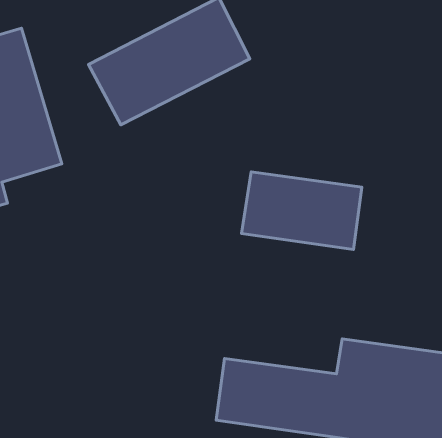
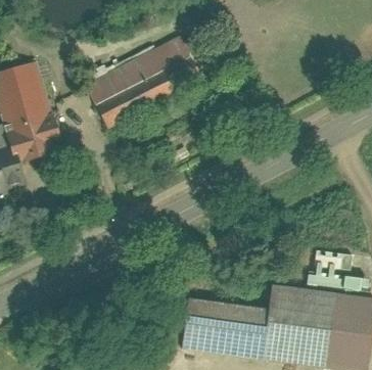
building: [241,172,362,249] -> none

